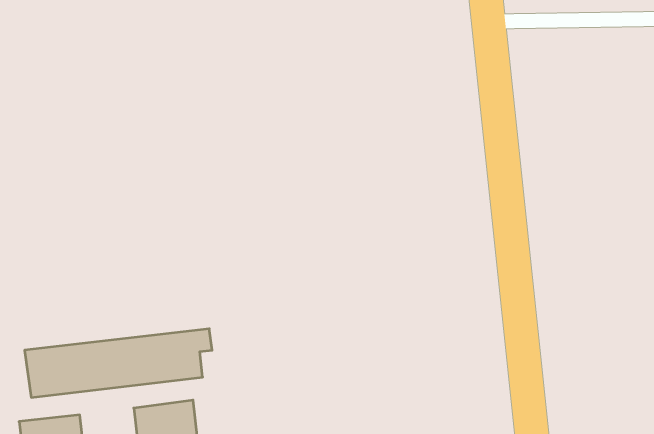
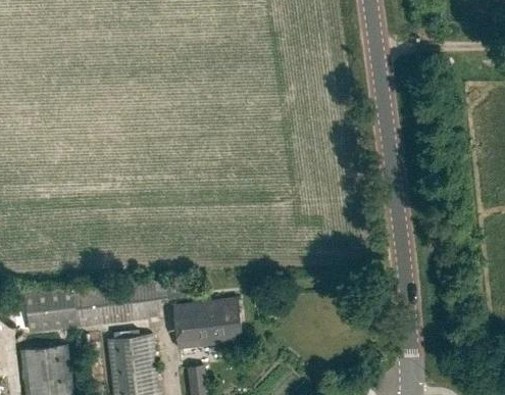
building: none -> [171,298,241,349]

